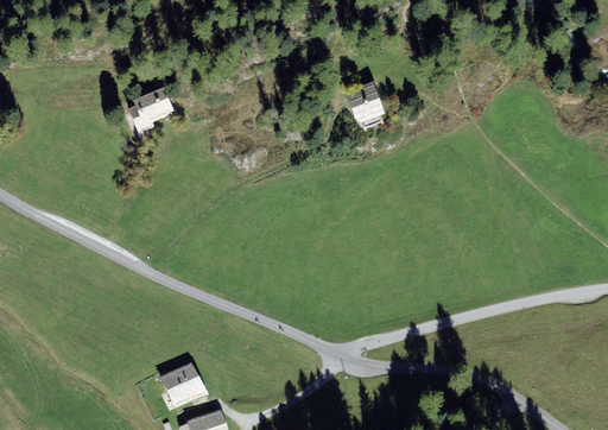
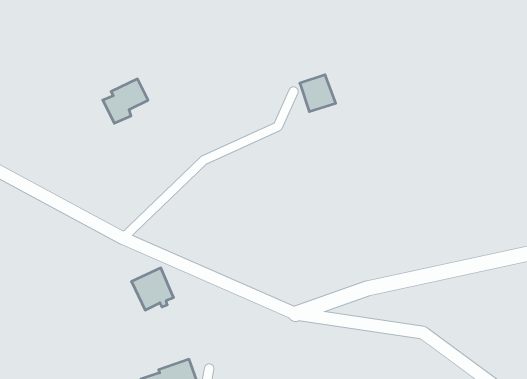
building: [159,359,207,406] -> [131,268,174,310]

